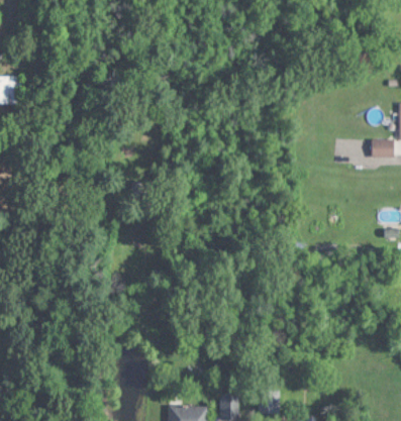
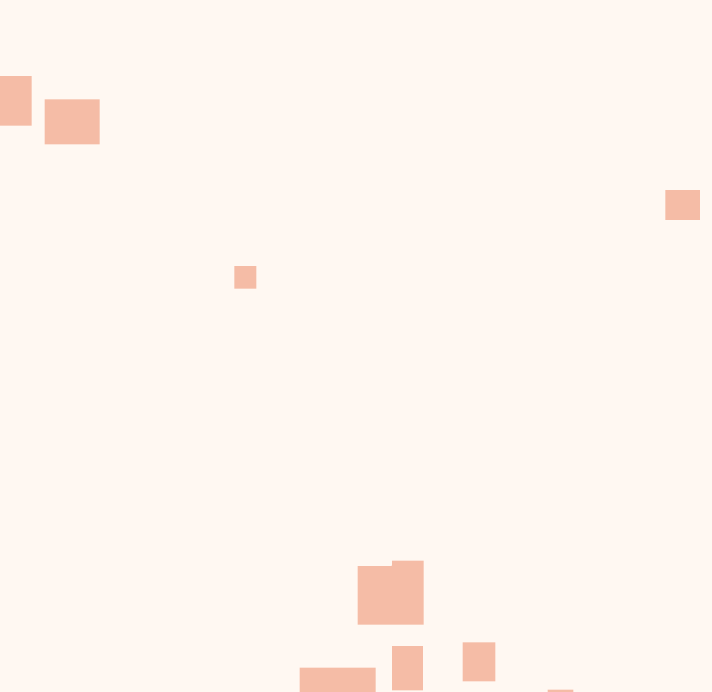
building: none -> [44,99,100,145]
building: none -> [357,560,424,626]

